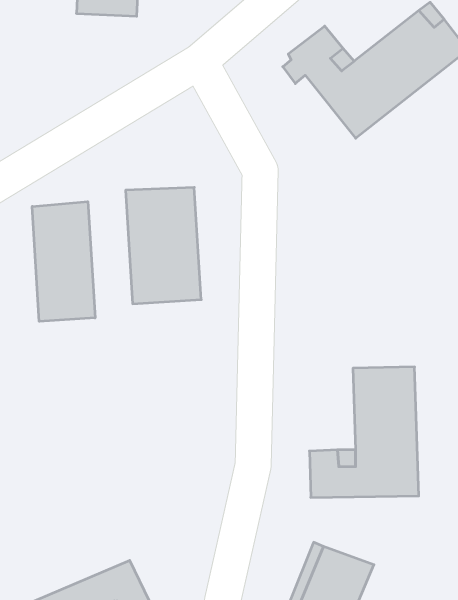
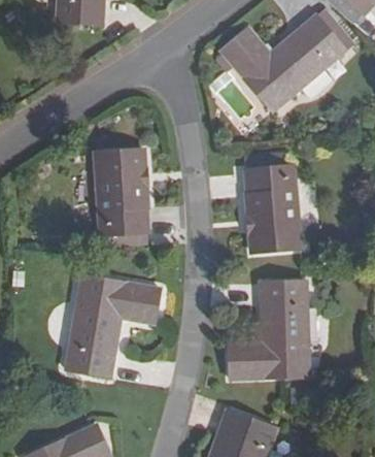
building: [32,202,95,321] -> none
building: none -> [243,166,302,254]
building: none -> [66,275,161,376]

